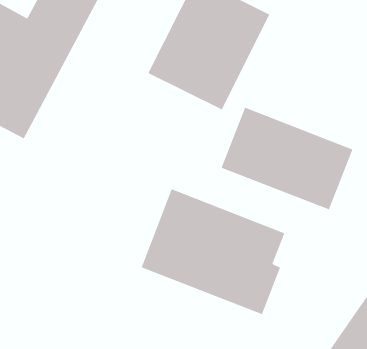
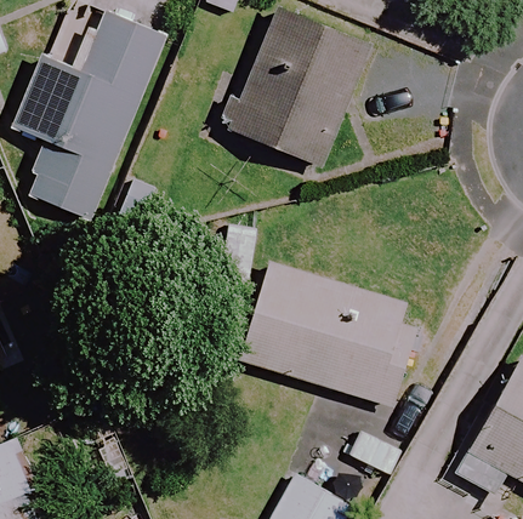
building: [221,107,353,210] -> none

